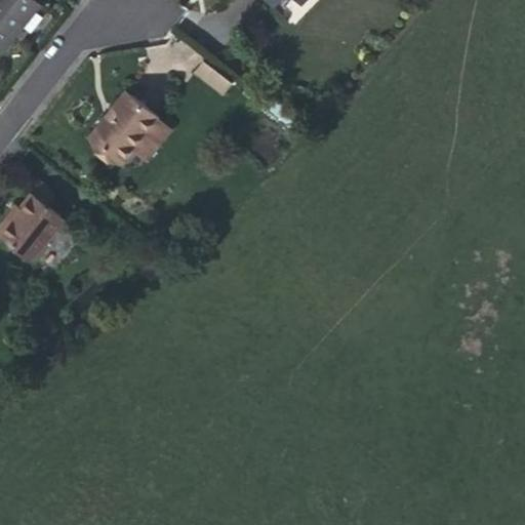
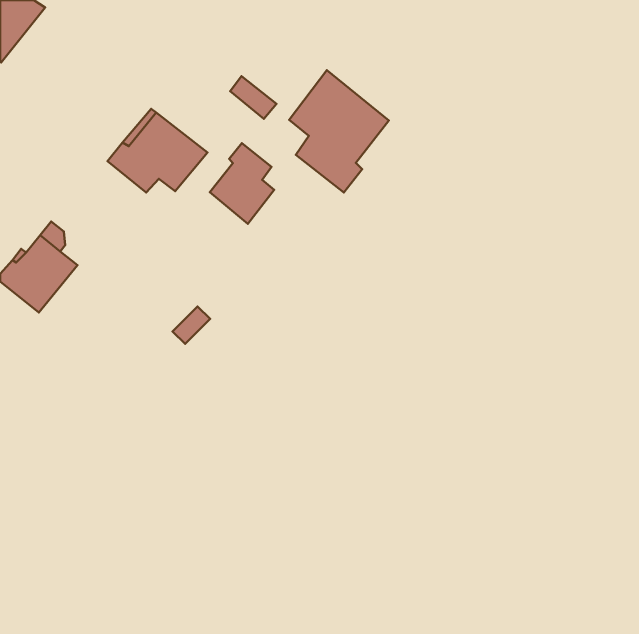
building: none -> [289,70,389,192]
building: none -> [210,143,274,224]

